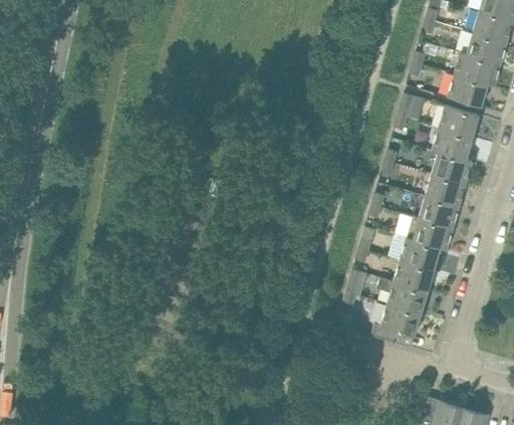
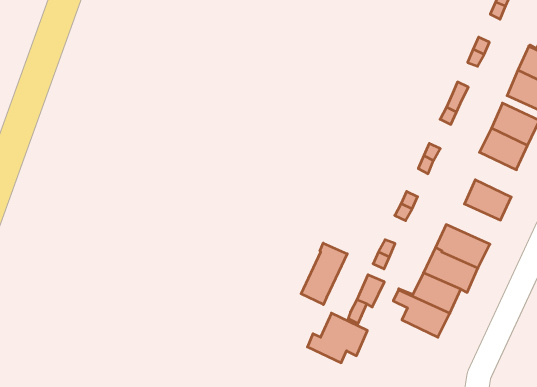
building: [433,149,473,183] -> none
building: [414,195,460,226] -> none
building: none -> [301,243,347,305]
building: [372,302,422,344] -> [307,313,367,363]

